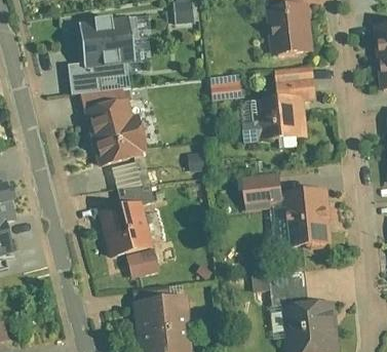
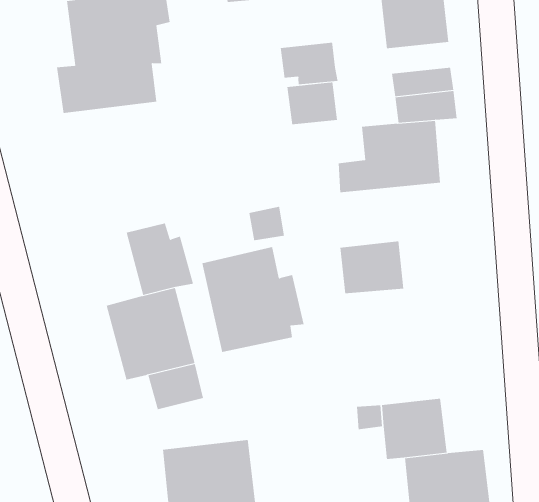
building: none -> [280,42,338,85]
building: [83,100,147,165] -> [202,246,304,352]
building: [287,187,333,245] -> none

